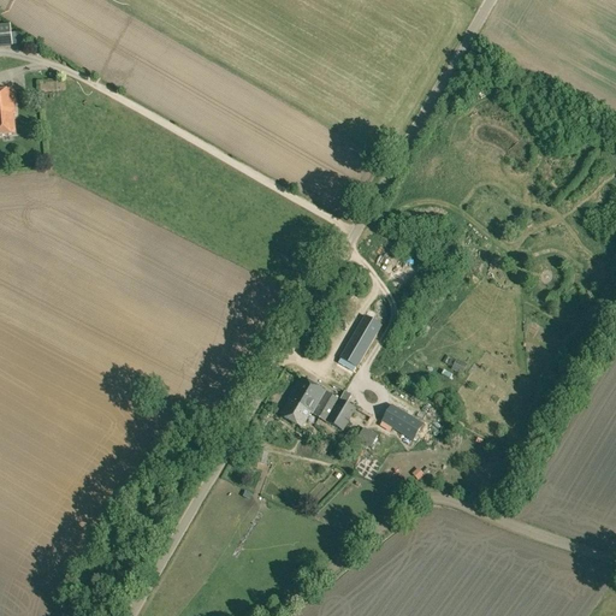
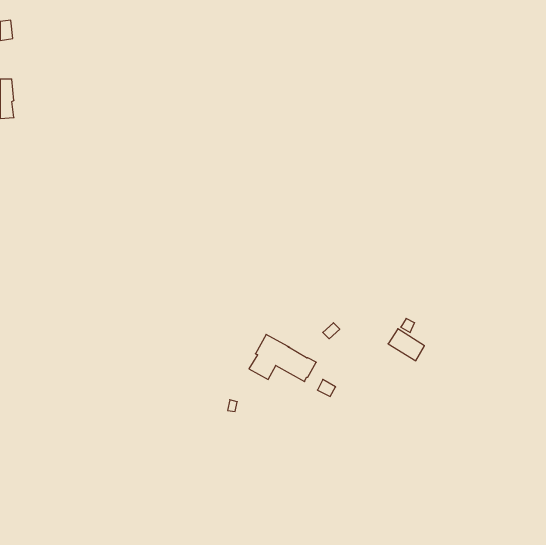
building: [340,315,381,367] -> none
building: [381,404,422,440] -> [388,329,424,361]

